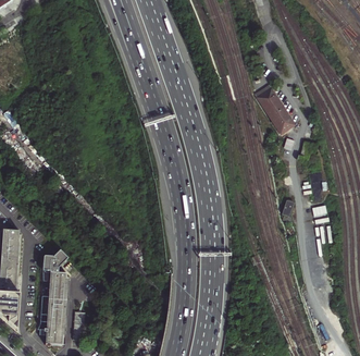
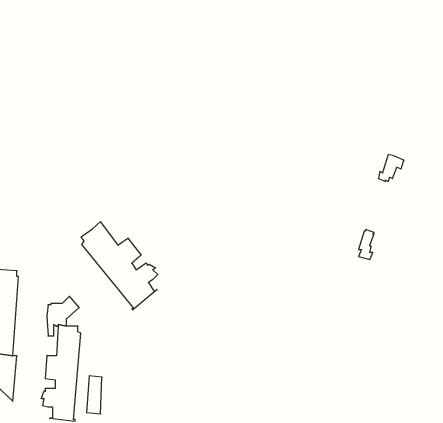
building: [256,85,294,132] -> none
building: none -> [81,222,158,310]

